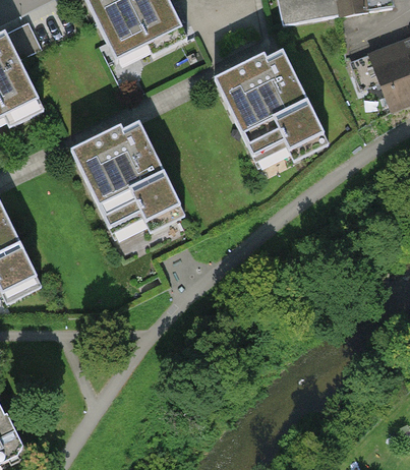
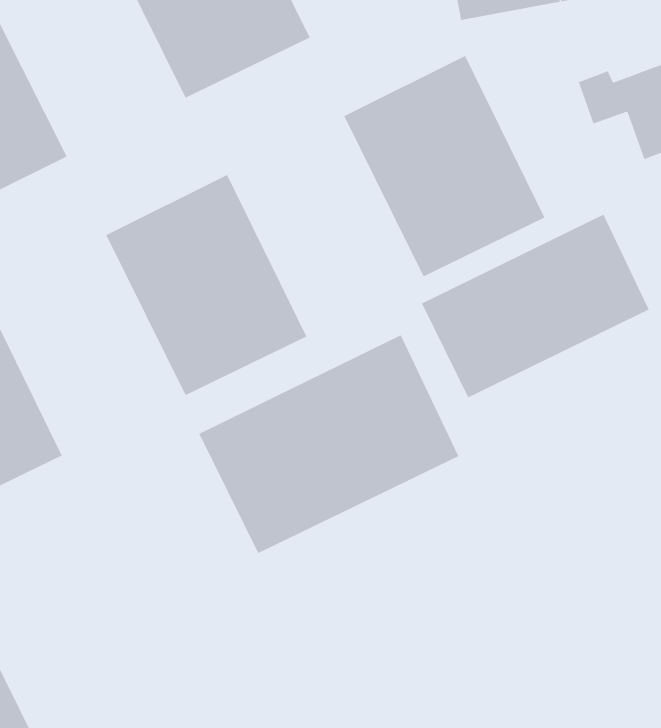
building: none -> [421,214,650,398]
building: none -> [198,334,459,554]

